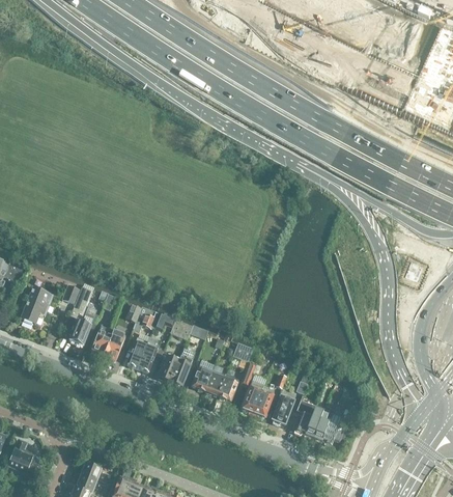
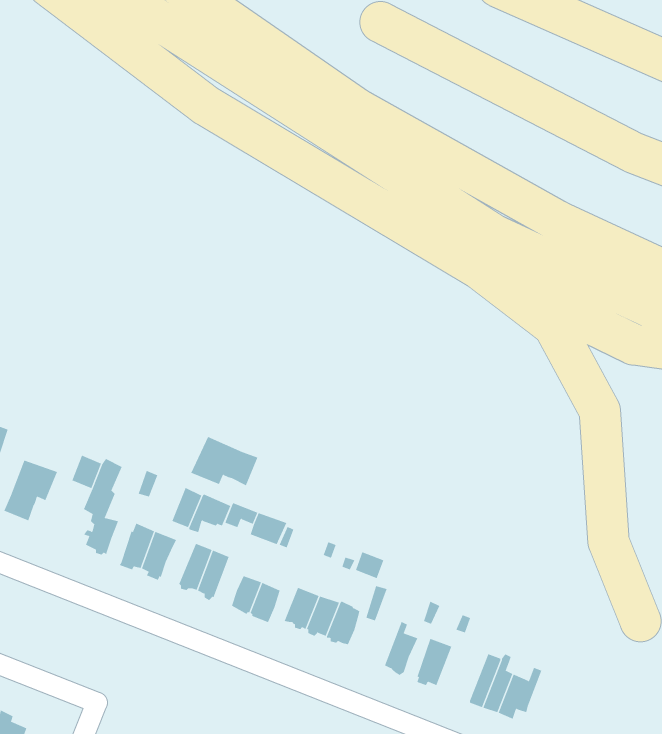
building: none -> [190,436,258,486]
building: [242,380,264,412] -> none
building: [295,398,316,434] -> none

